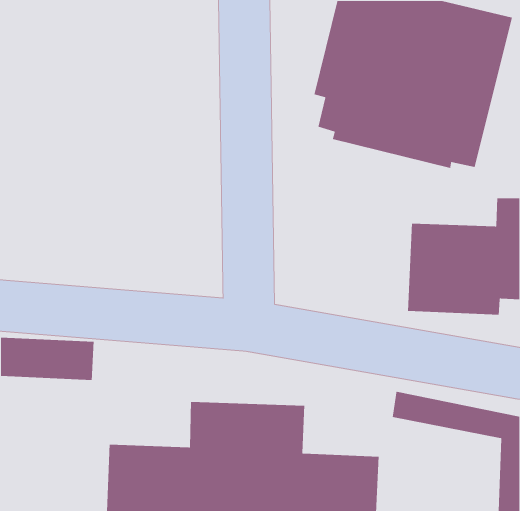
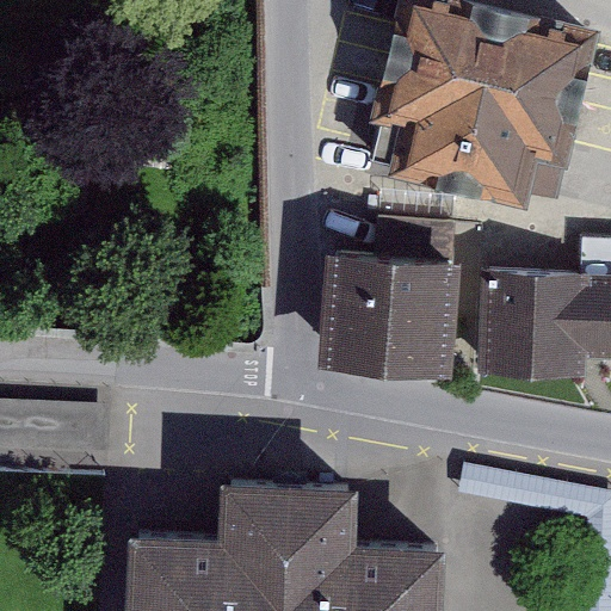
building: none -> [316,226,461,378]

